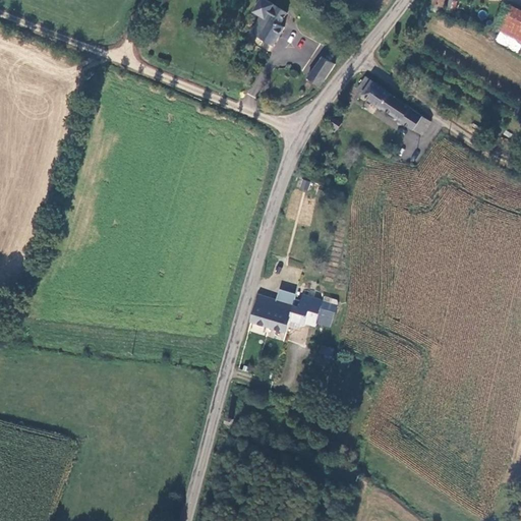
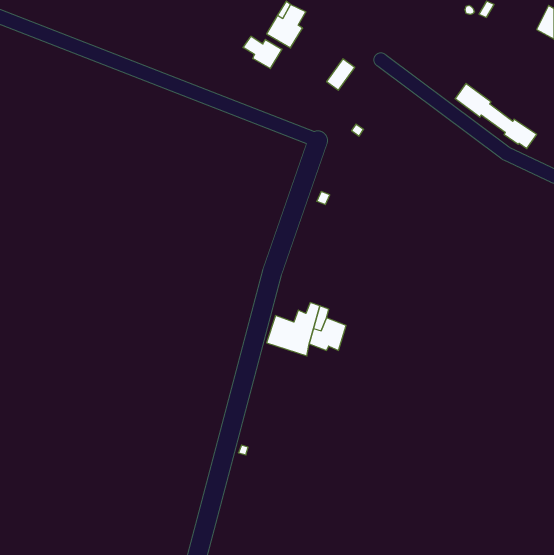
building: none -> [243,36,282,69]
building: [359,79,436,140] -> [455,83,537,149]

